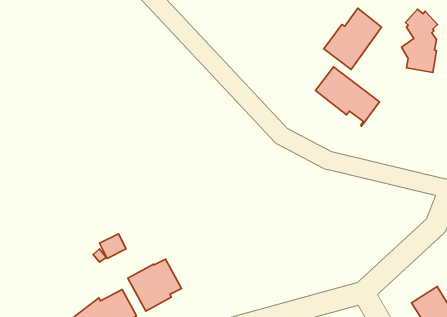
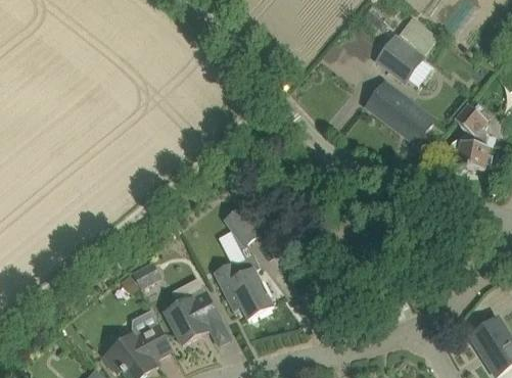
building: [402,9,437,72] -> [451,102,490,171]
building: none -> [225,208,261,246]
building: none -> [213,255,273,320]

